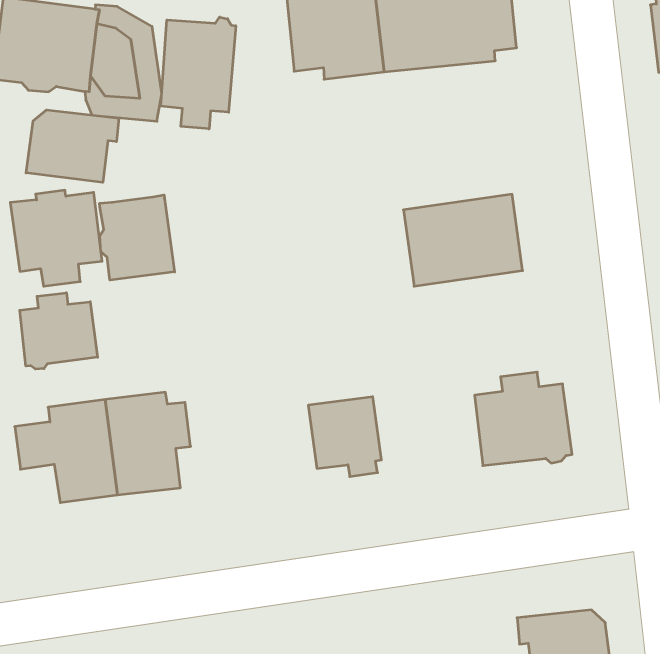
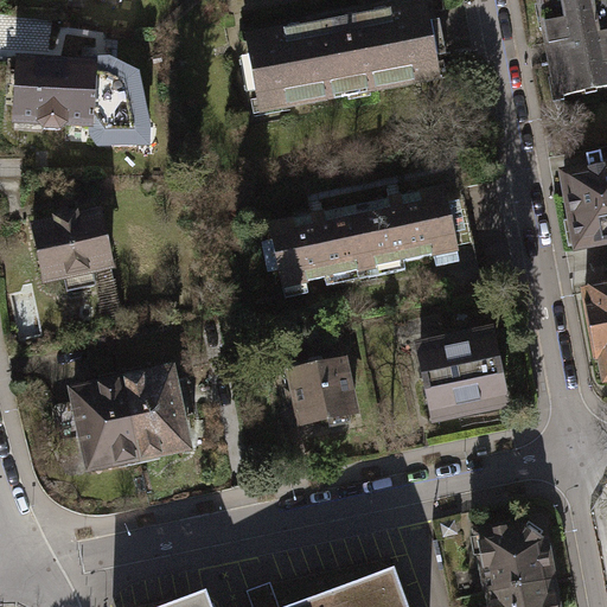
building: [161,17,236,129] -> none
building: [26,110,119,182] -> none
building: [100,195,175,280] -> none
building: none -> [267,206,368,286]
building: [20,293,98,369] -> none

